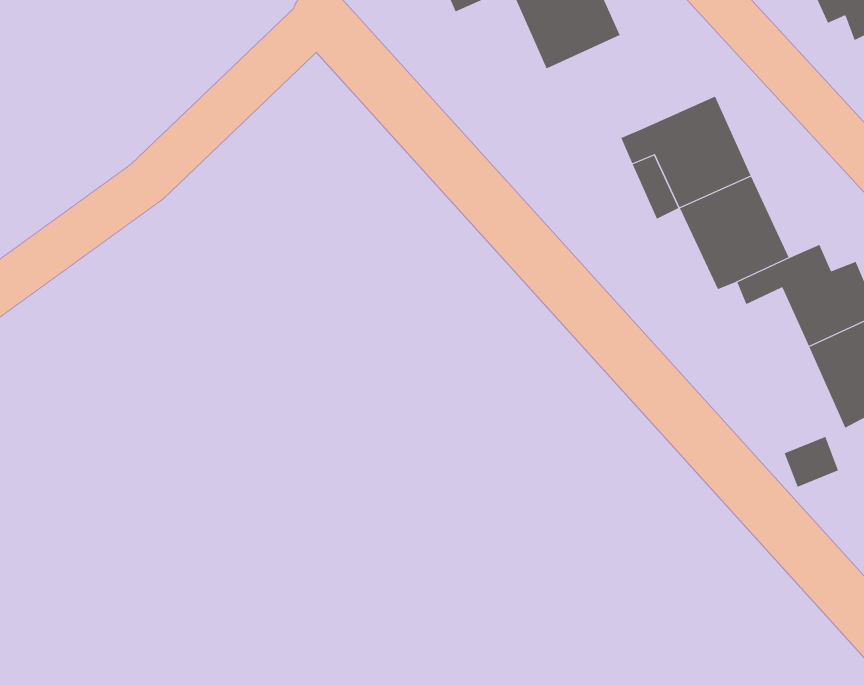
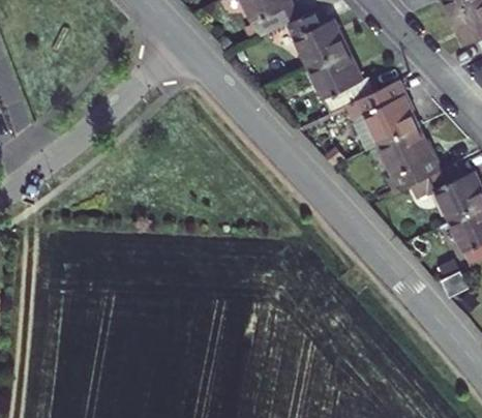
building: none -> [306,50,378,115]

